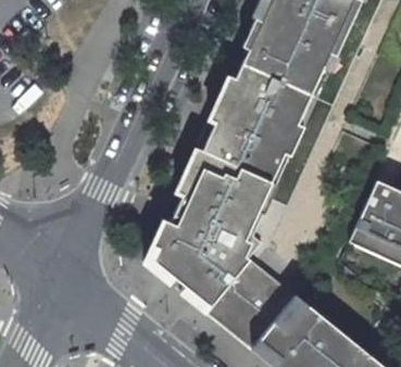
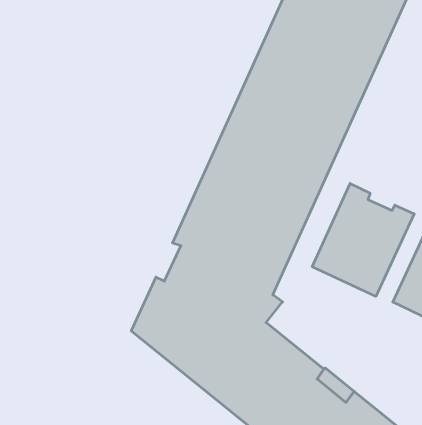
building: none -> [312,183,414,296]

